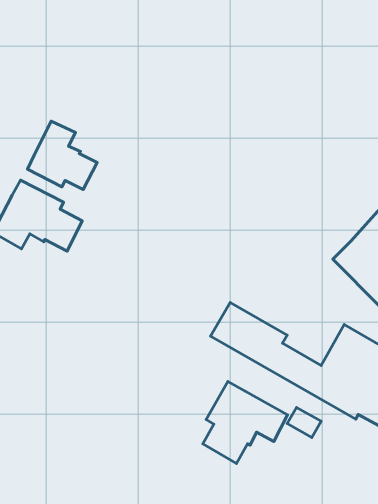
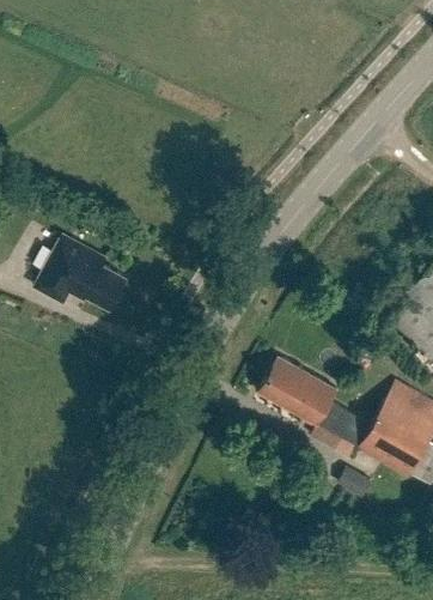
building: [27,121,97,189] -> none
building: [203,382,288,464] -> none

